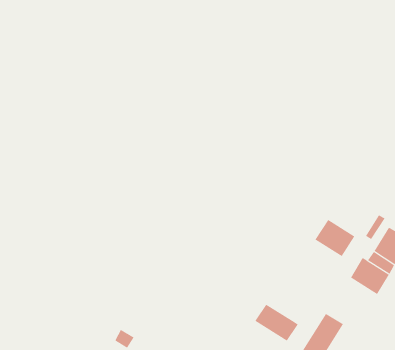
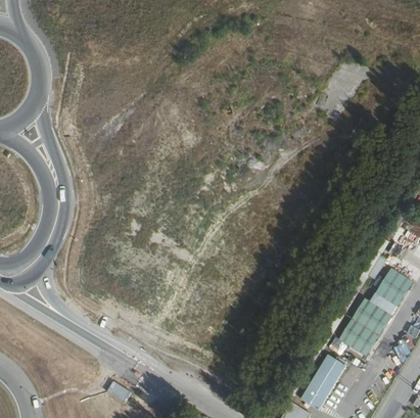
building: [315,219,355,257] -> [339,319,380,357]
building: [254,304,298,342] -> none

